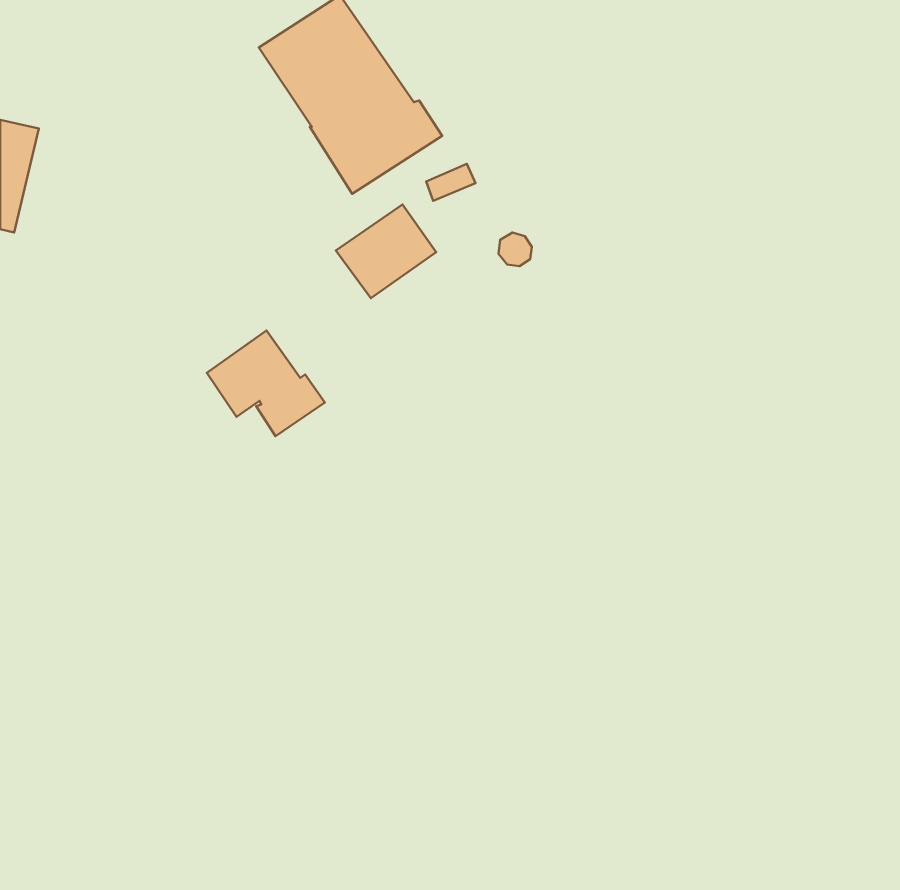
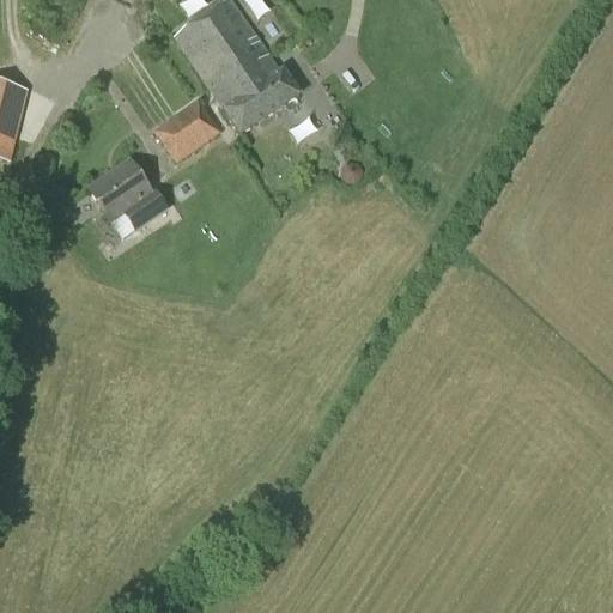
building: [336,205,436,298] -> [152,97,220,160]
building: [207,330,325,436] -> [87,158,168,230]

